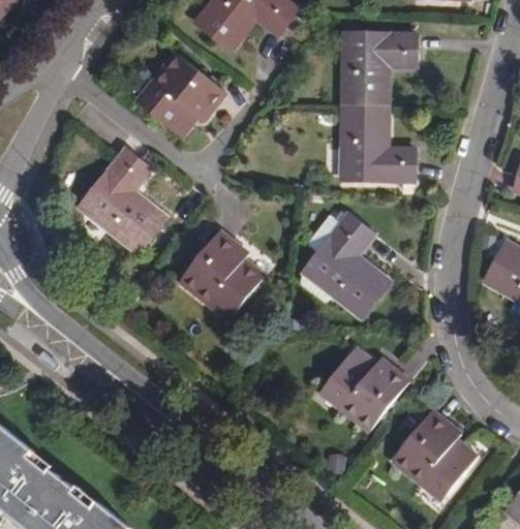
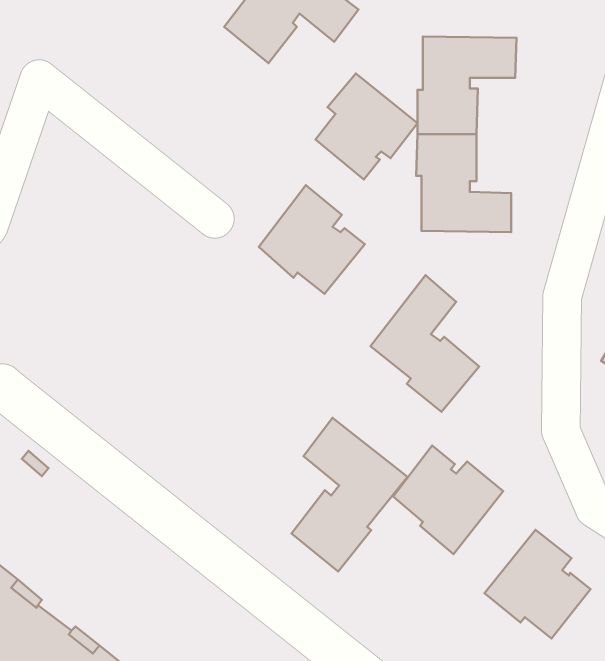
building: [141,52,219,133] -> [315,74,417,180]
building: [82,149,164,254] -> none
building: [182,231,264,315] -> [259,185,365,294]
building: none -> [292,418,407,571]

